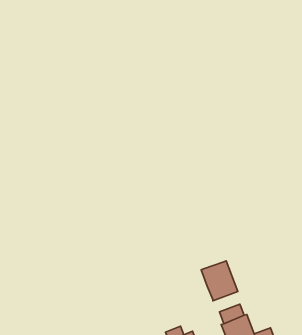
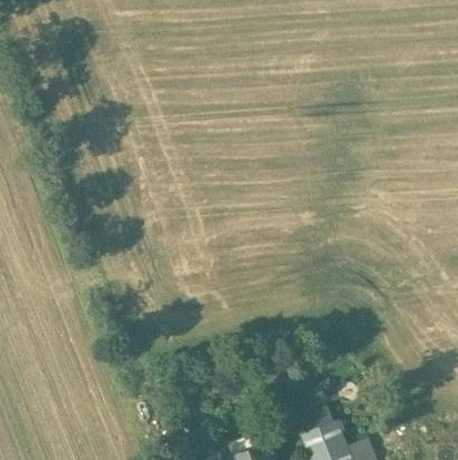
building: [201,261,238,301] -> none

